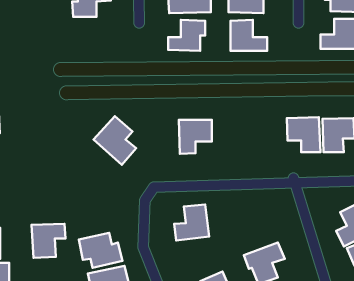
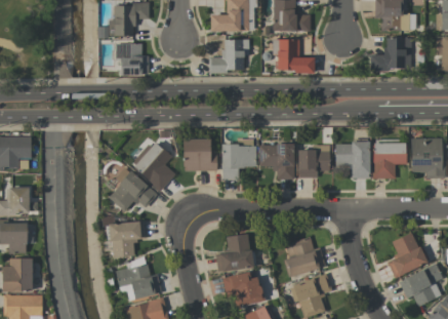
building: none -> [120,43,149,75]
building: none -> [184,138,217,171]
building: none -> [259,144,294,180]
building: none -> [298,145,330,178]
building: none -> [109,167,158,211]
building: none -> [285,237,325,276]
building: [31,224,65,258] -> [110,222,146,257]
building: none -> [227,271,261,308]

